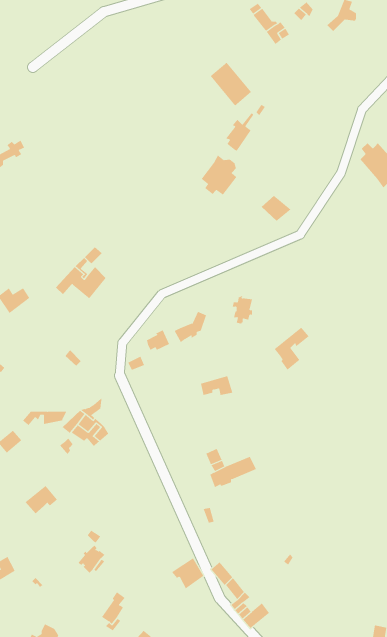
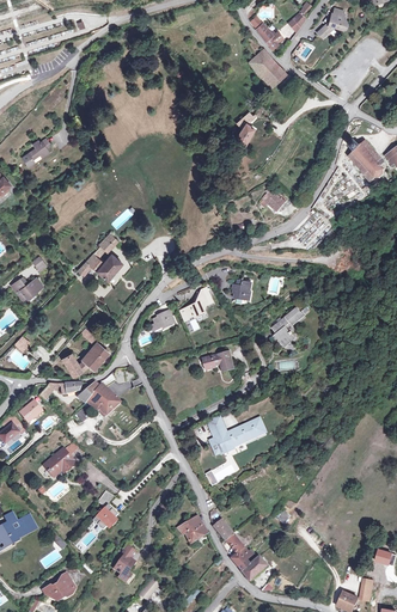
building: [210,62,252,106] -> [248,48,286,88]
building: [201,155,237,196] -> none
building: none -> [59,347,106,377]

